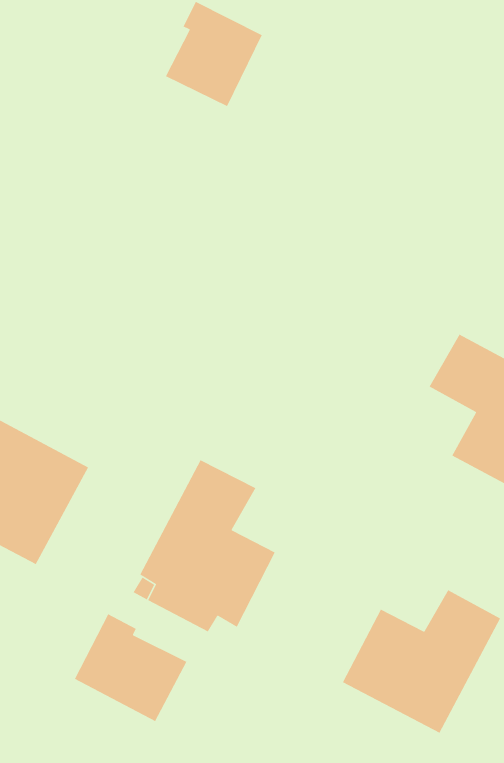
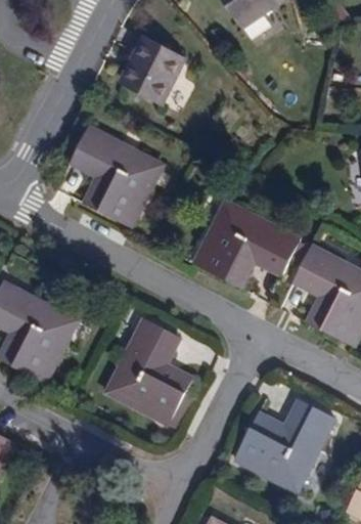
building: none -> [74,127,164,226]
building: none -> [191,198,300,285]
building: [74,613,188,722] -> none

